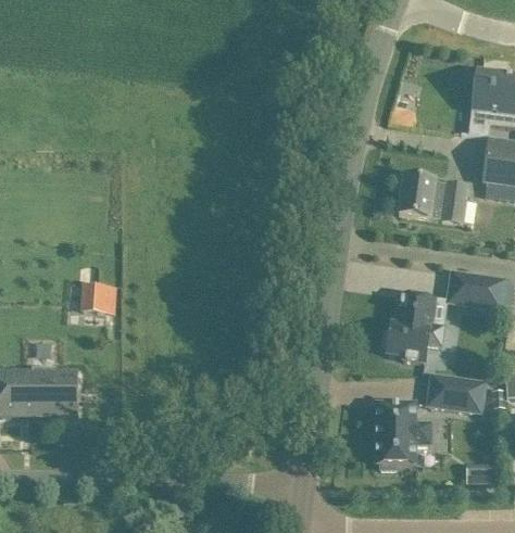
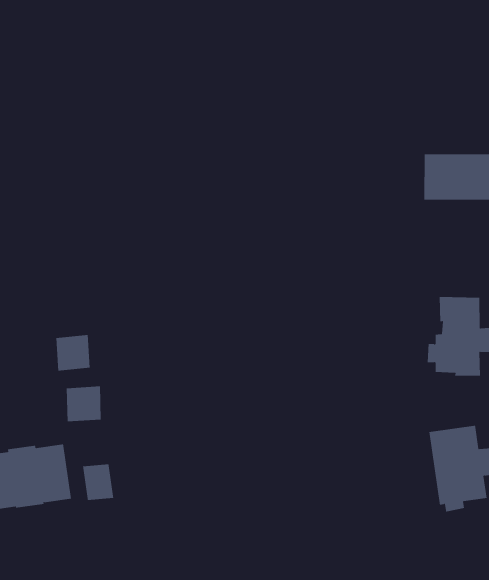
building: none -> [66,386,101,422]
building: none -> [82,463,114,501]

